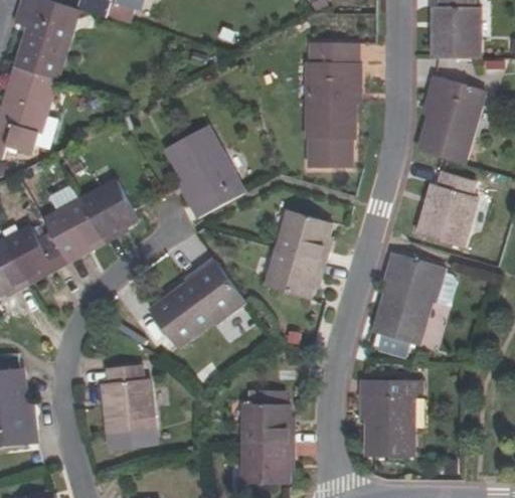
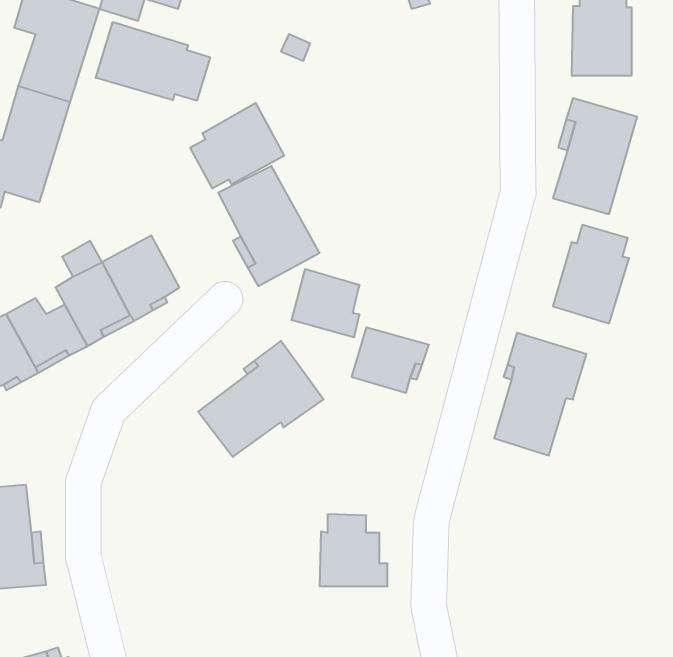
building: none -> [96,22,210,101]
building: [308,42,361,167] -> none
building: none -> [190,103,284,189]
building: [278,210,329,262] -> [291,269,360,337]
building: [103,364,155,450] -> none
building: [360,379,411,456] -> none
building: [242,444,294,483] -> none

